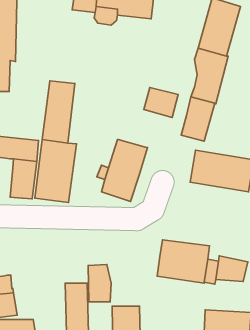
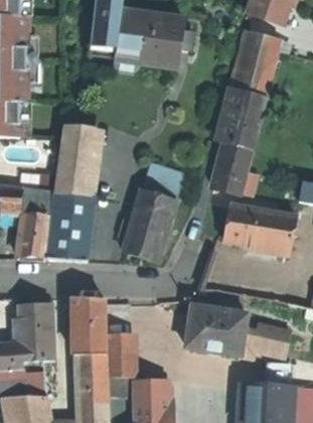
building: [144,87,178,118] -> [142,166,181,200]
building: none -> [71,299,107,355]
building: none -> [19,303,53,361]

